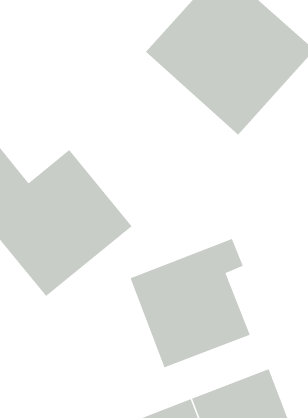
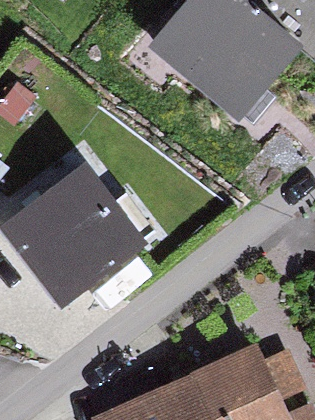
building: [130,238,250,368] -> none

